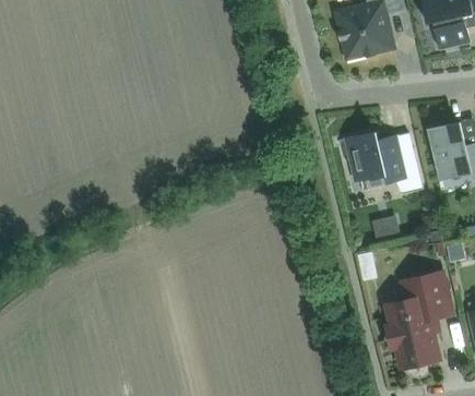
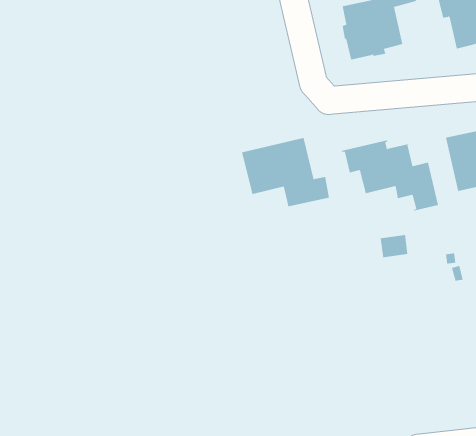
building: none -> [242,137,329,207]
building: [387,273,450,367] -> none

